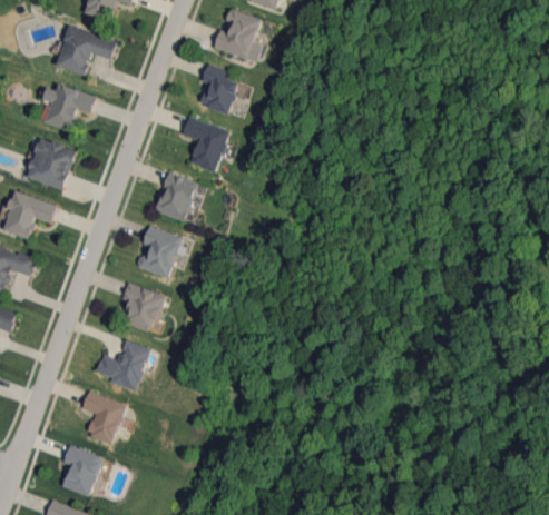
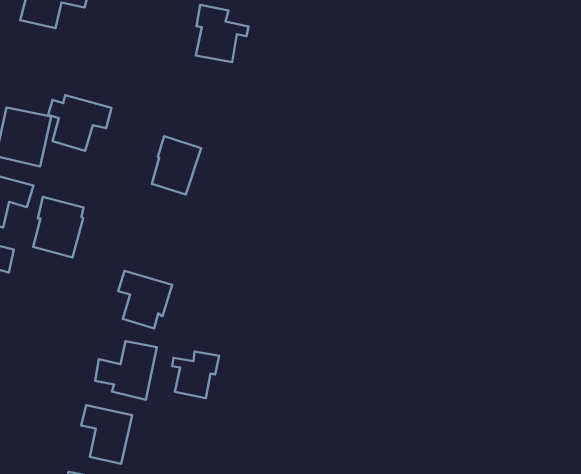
building: [41,83,95,131] -> [48,95,111,151]
building: [182,116,234,171] -> none
building: [137,226,182,278] -> [33,197,84,257]
building: none -> [172,352,219,398]

